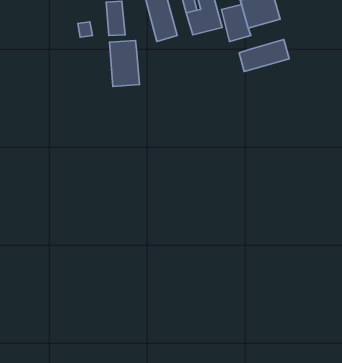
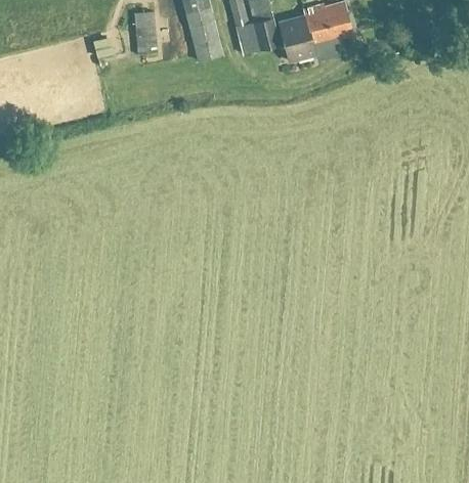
building: [239,39,289,72] -> none
building: [109,40,140,86] -> none

